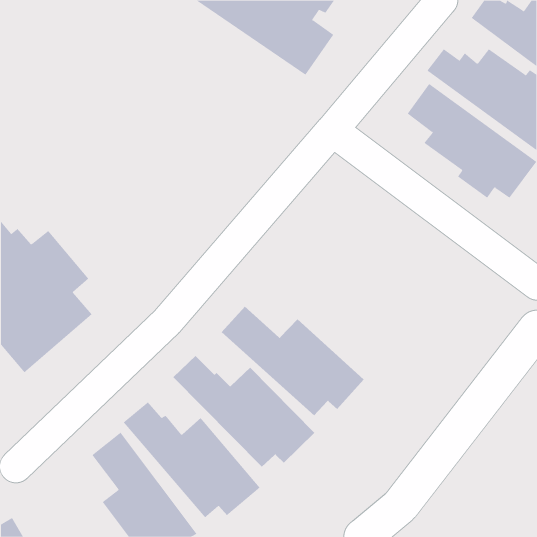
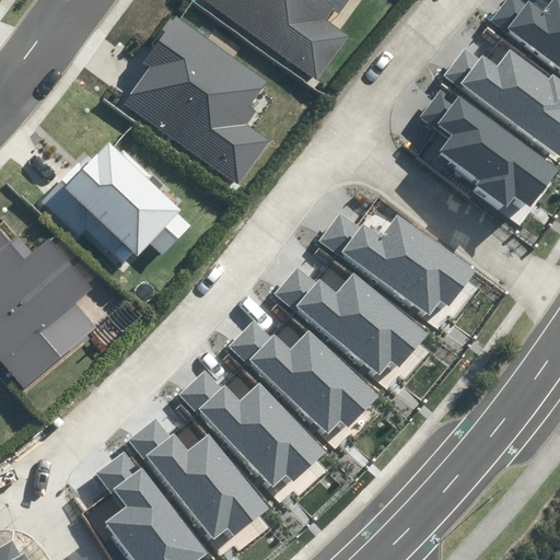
building: none -> [125,16,270,185]
building: none -> [43,140,191,262]
building: none -> [319,210,475,315]
building: none -> [275,262,427,374]

